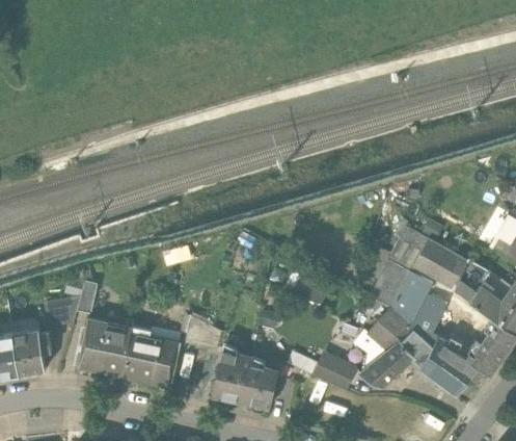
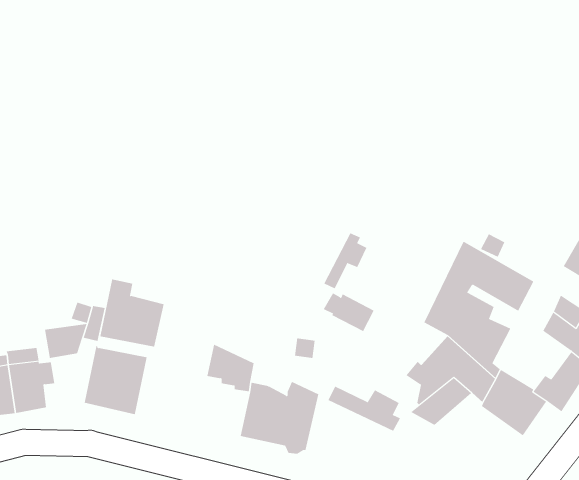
building: none -> [324,232,367,289]
building: [453,260,489,305] -> none
building: [121,328,178,387] -> [100,279,164,347]

